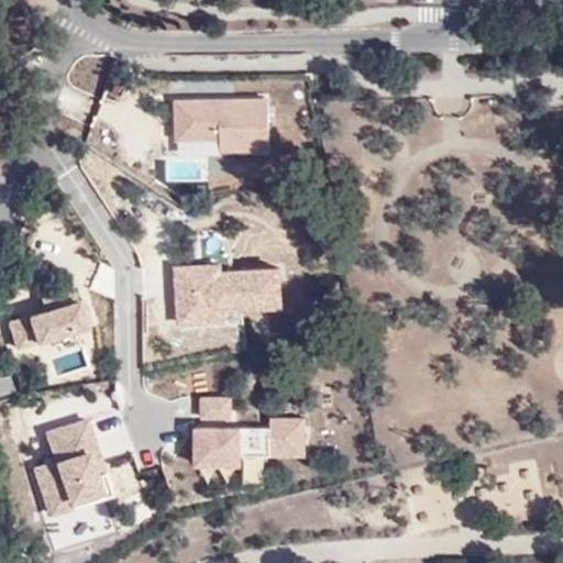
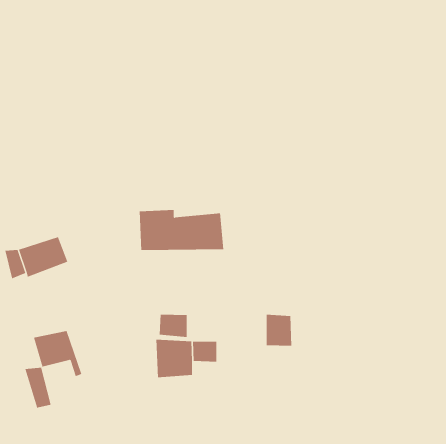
building: [175,91,271,151] -> none
building: [274,417,307,457] -> [266,314,292,346]
building: [53,454,102,510] -> none

